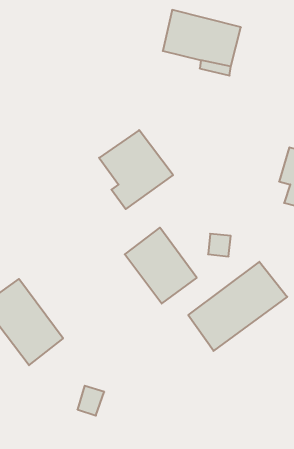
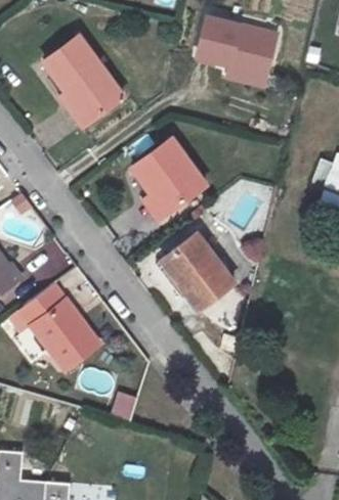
building: none -> [46,36,124,126]
building: [188,262,287,351] -> none

